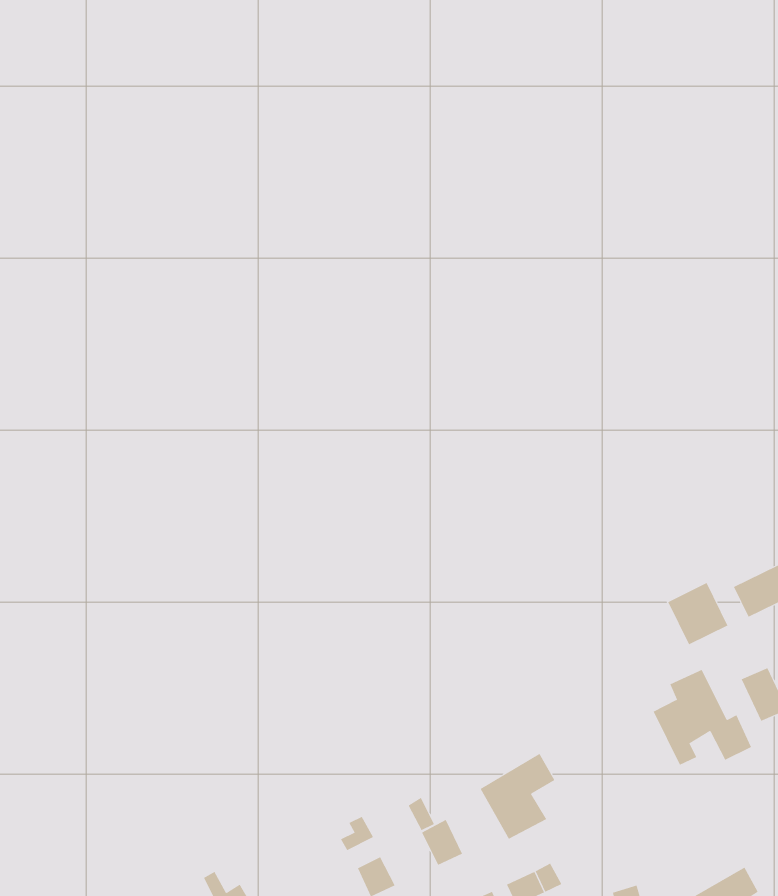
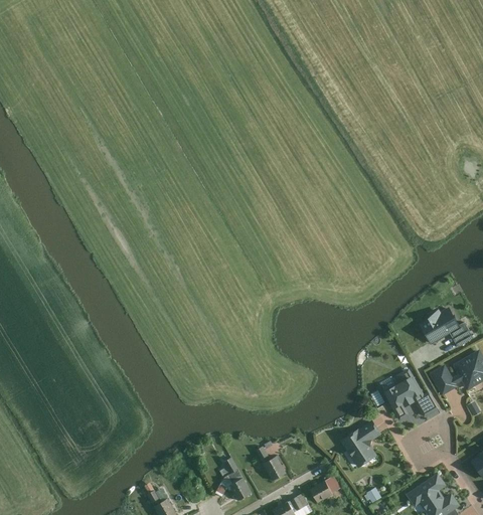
building: [667,582,728,645] -> none
building: [480,753,555,839] -> [340,420,380,468]

